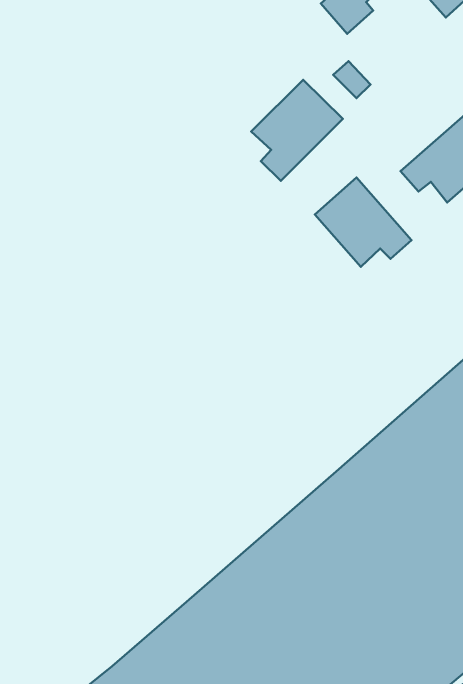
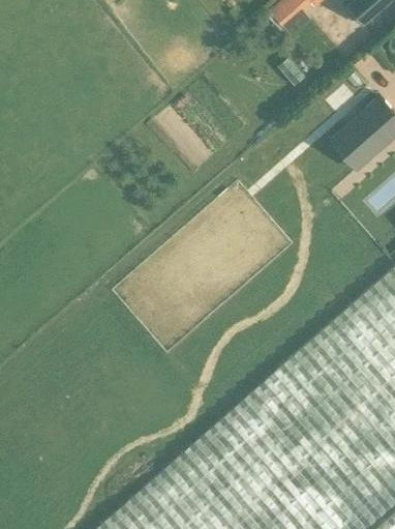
building: [251,80,343,181] -> none
building: [315,178,411,267] -> none

